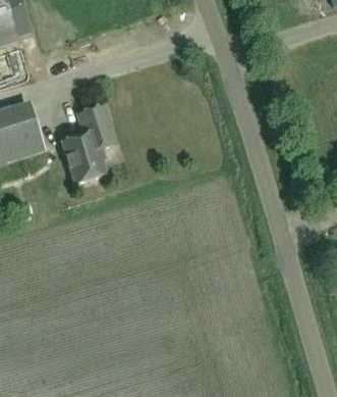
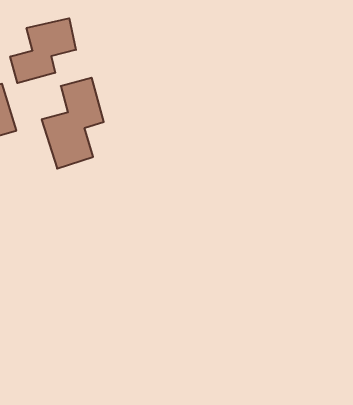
building: none -> [10,18,76,83]

